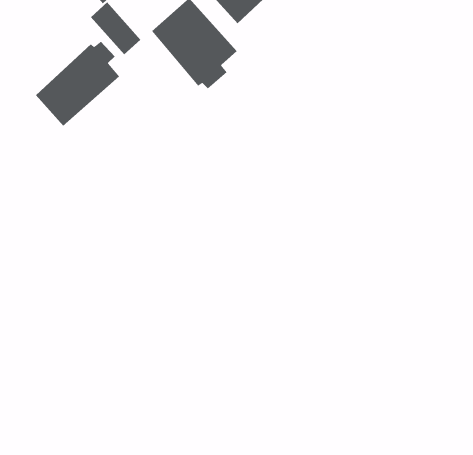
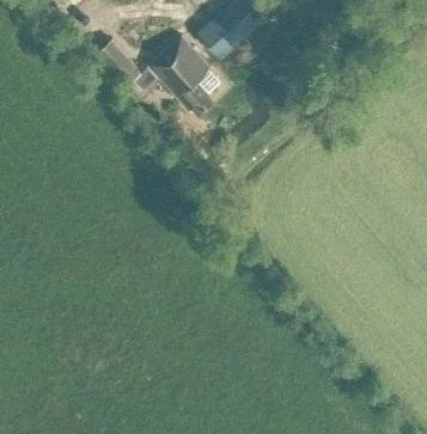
building: [35,41,120,127] -> none

